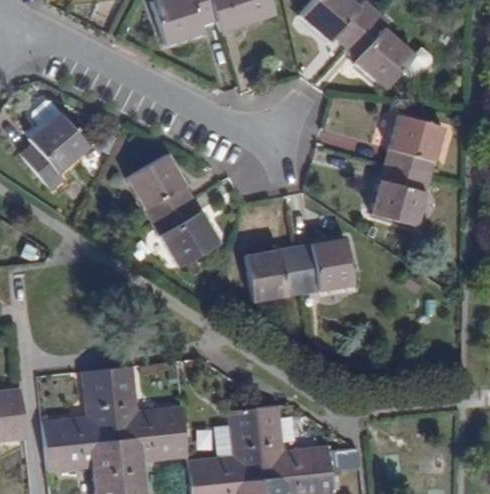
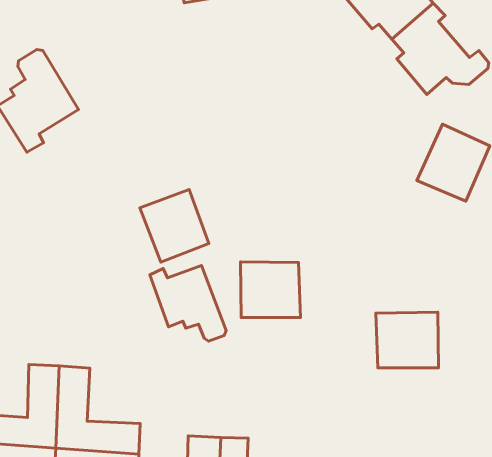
building: [128,157,194,224] -> none
building: [372,164,429,226] -> none
building: [296,240,356,295] -> [376,312,438,368]
building: none -> [150,265,226,341]

